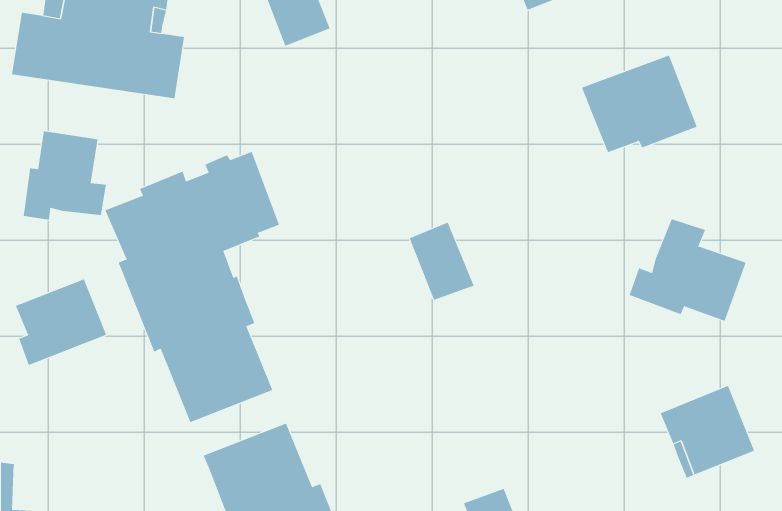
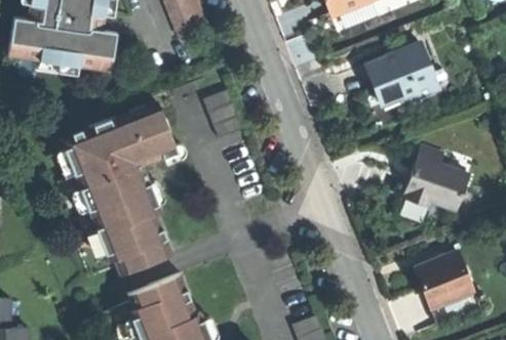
building: [23,131,107,221] -> none
building: [409,222,474,300] -> [202,90,243,139]
building: [15,278,107,366] -> none

